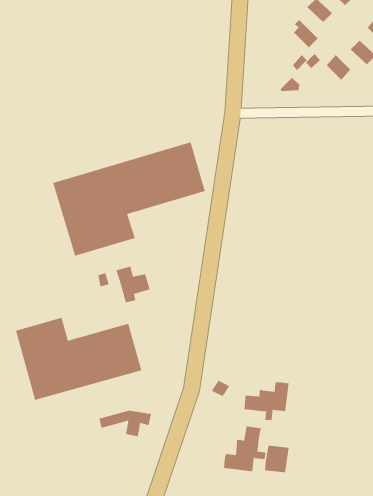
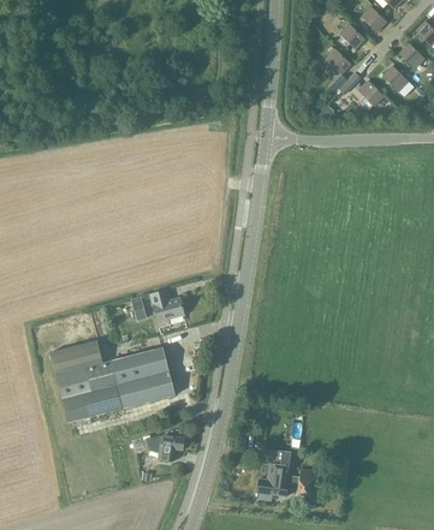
building: [53,141,206,256] -> none
building: [244,382,289,421] -> none

